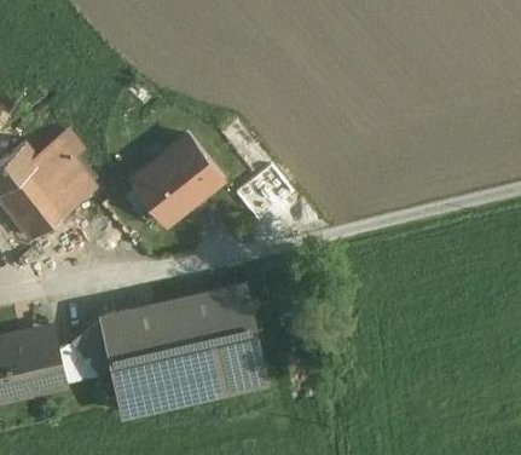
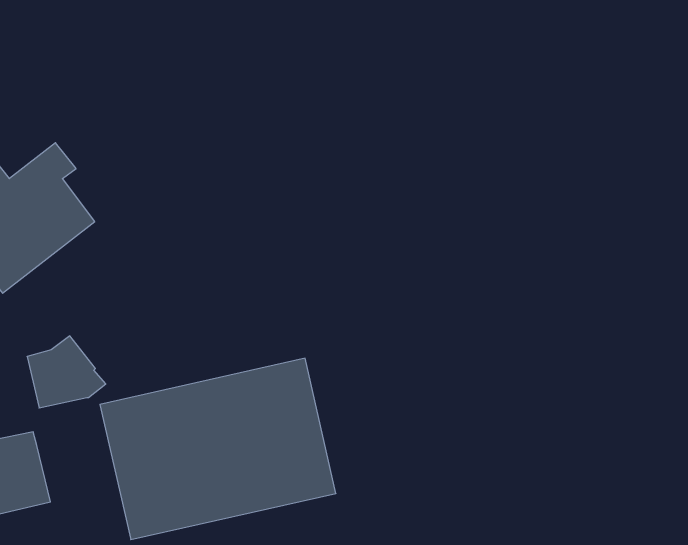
building: [133,139,219,221] -> none
building: [54,333,110,384] -> [27,336,106,408]

